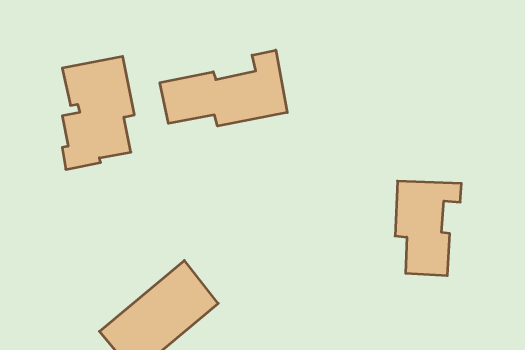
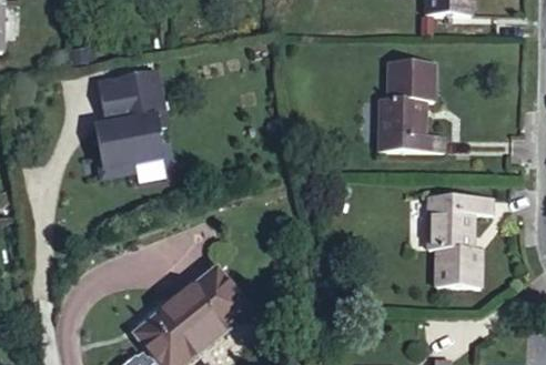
building: none -> [378,59,443,150]
building: [160,50,287,126] -> none

